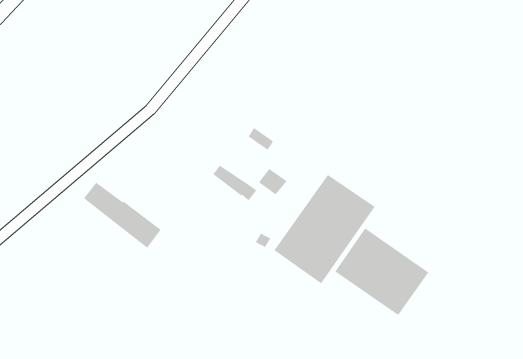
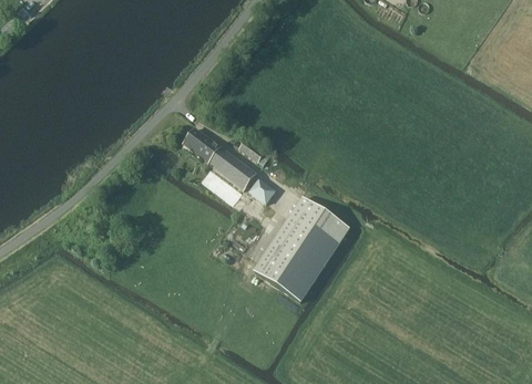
building: [83,182,162,249] -> [182,131,256,194]
building: [334,227,429,316] -> none

